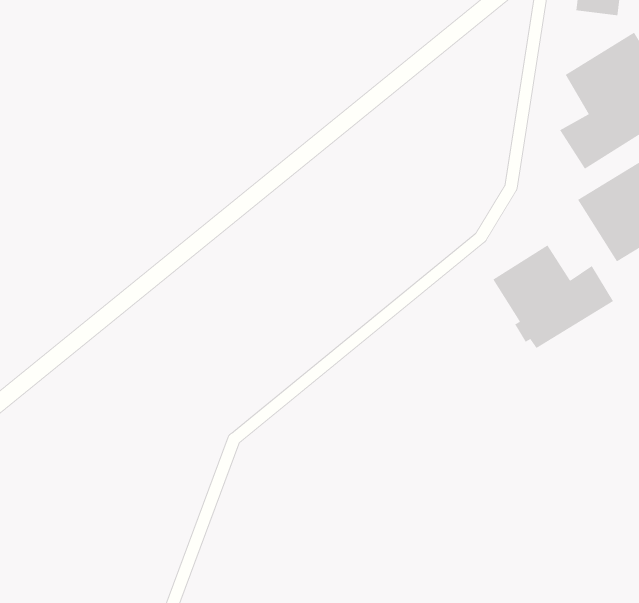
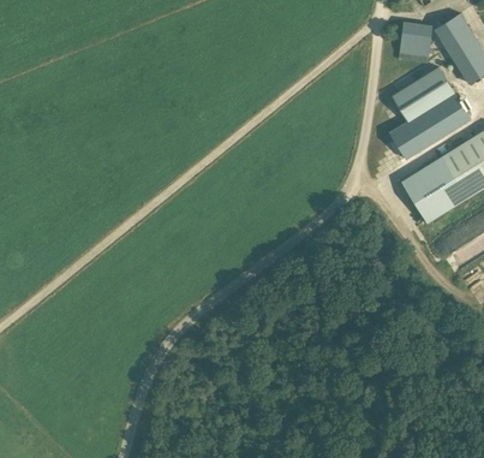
building: [492,245,614,349] -> none

